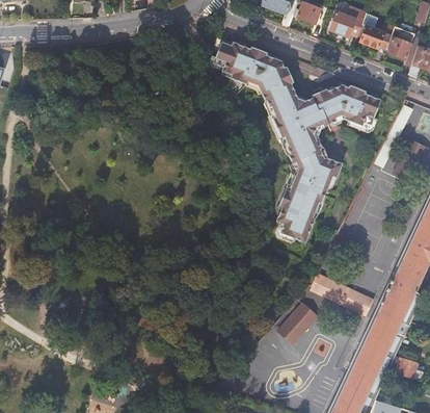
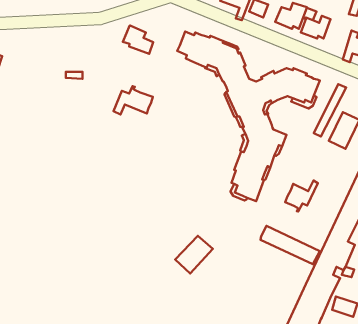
building: [385,25,415,58] -> none
building: none -> [123,25,153,54]
building: none -> [114,86,153,115]
building: none -> [285,180,318,212]
building: [276,304,321,349] -> [175,236,213,273]

